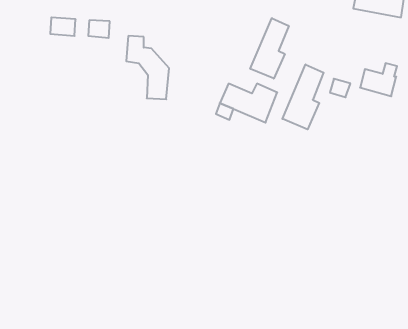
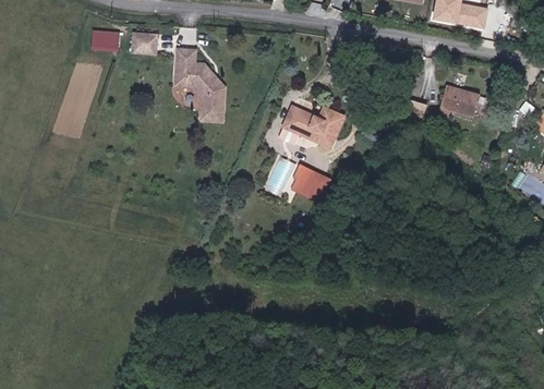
building: [250,18,289,79] -> none
building: [282,64,324,129] -> none
building: none -> [297,163,318,194]

